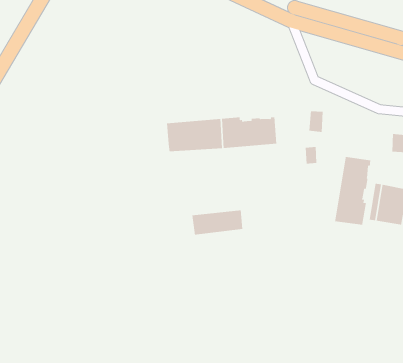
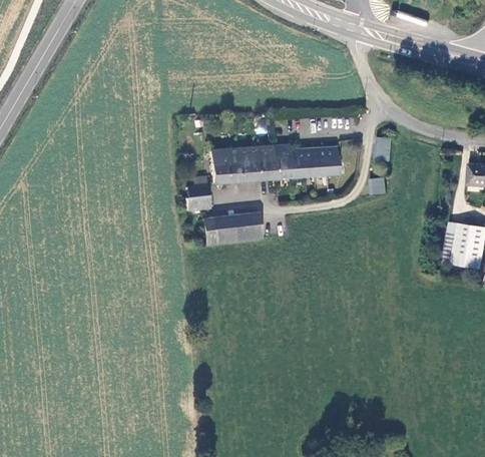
building: none -> [185,175,209,208]
building: [335,156,371,226] -> none
building: [192,210,243,235] -> [202,214,262,244]

